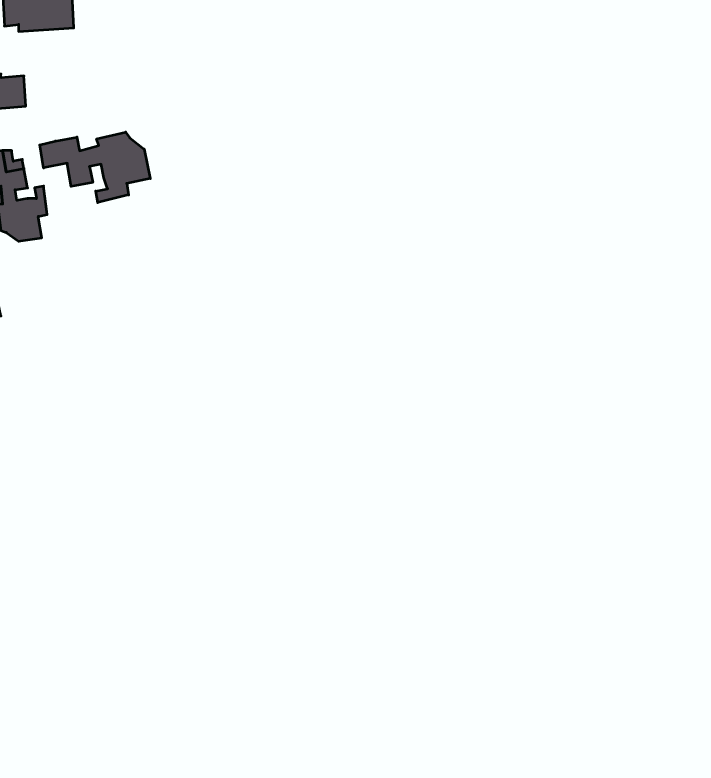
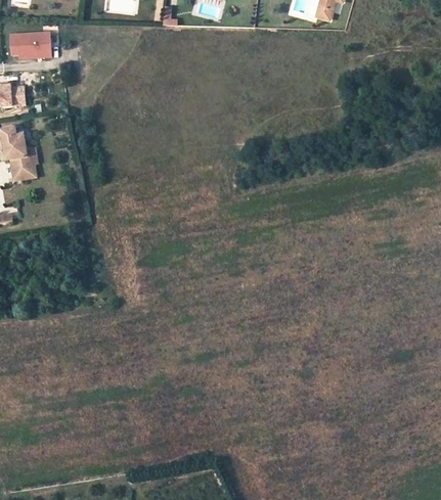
building: [40,132,150,203] -> none

